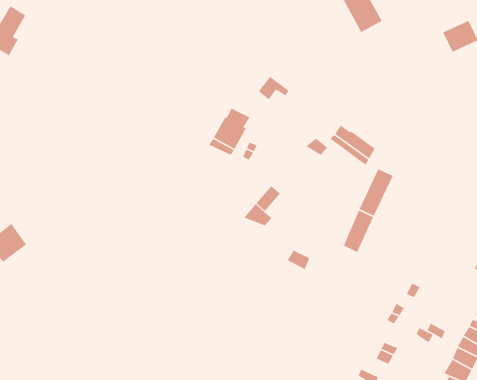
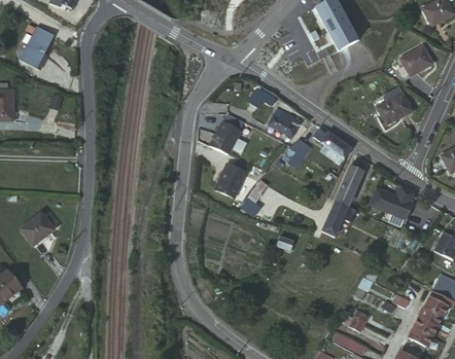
building: none -> [382,91,414,120]
building: none -> [267,111,300,137]
building: none -> [213,163,244,196]
building: none -> [369,182,413,226]

